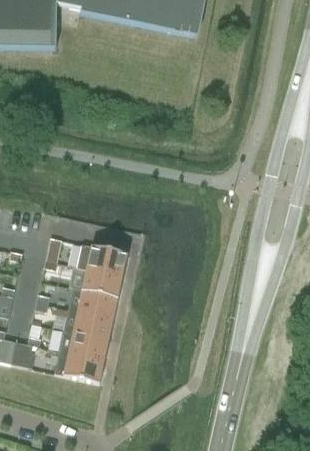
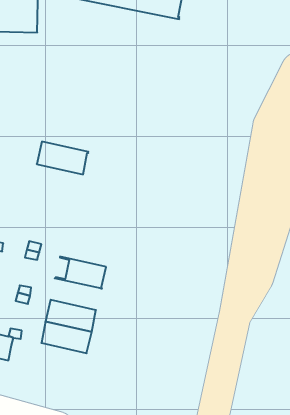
building: [77,244,127,276] -> [37,142,88,174]
building: [68,287,118,318] -> none
building: [54,350,103,382] -> none

